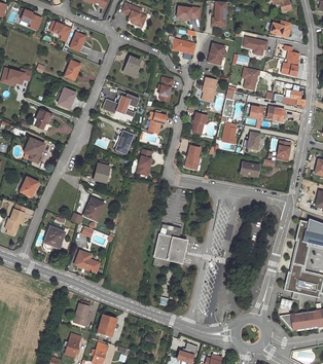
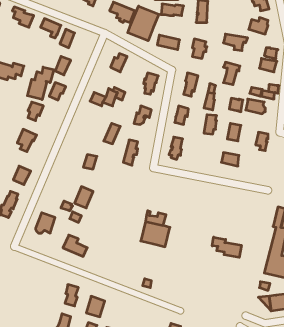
building: none -> [128,6,159,41]
building: none -> [27,67,54,100]
building: none -> [212,237,241,257]

